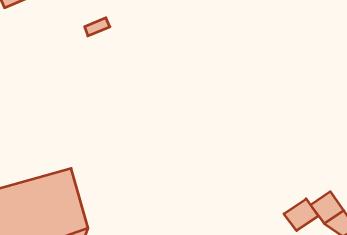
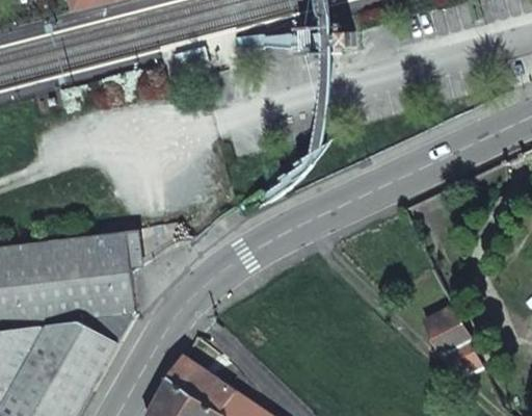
building: [284,199,318,231] -> none

